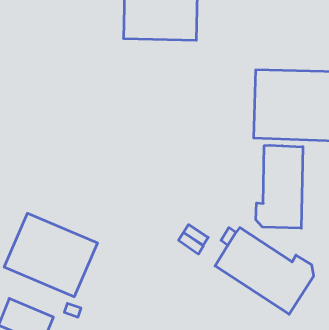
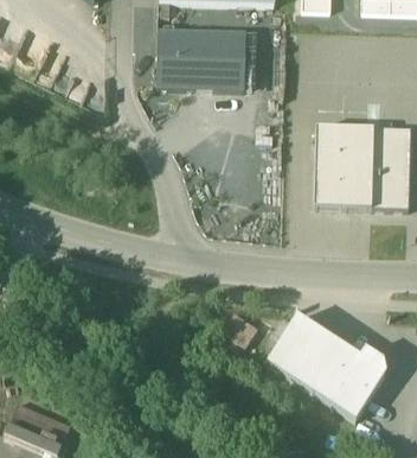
building: [256,145,303,228] -> none
building: [4,213,97,297] -> none

